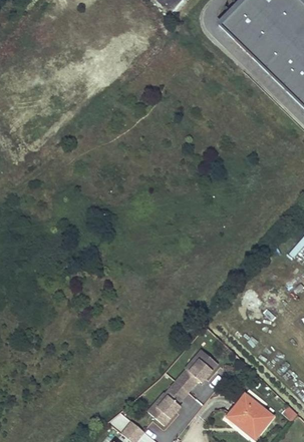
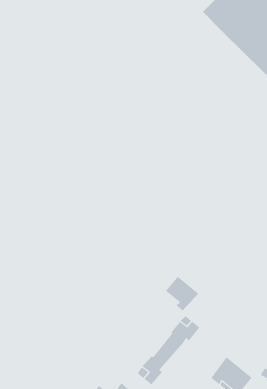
building: none -> [165,276,199,312]

